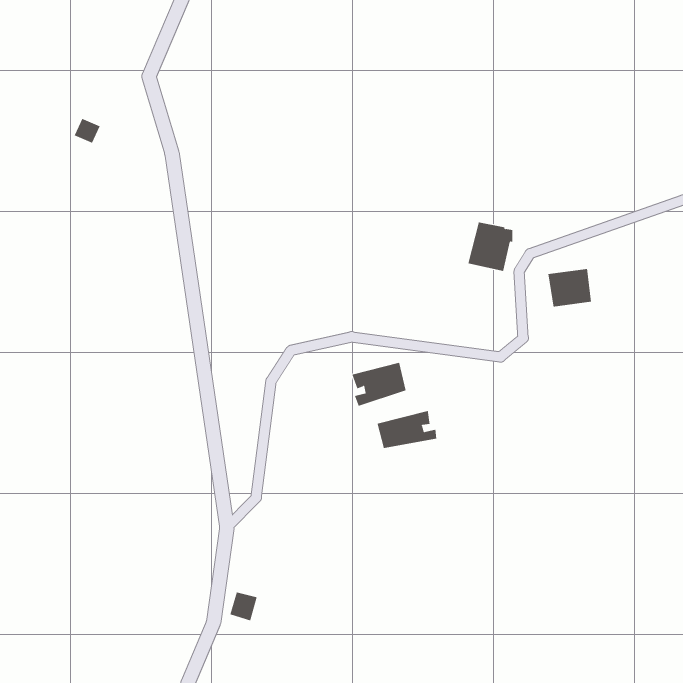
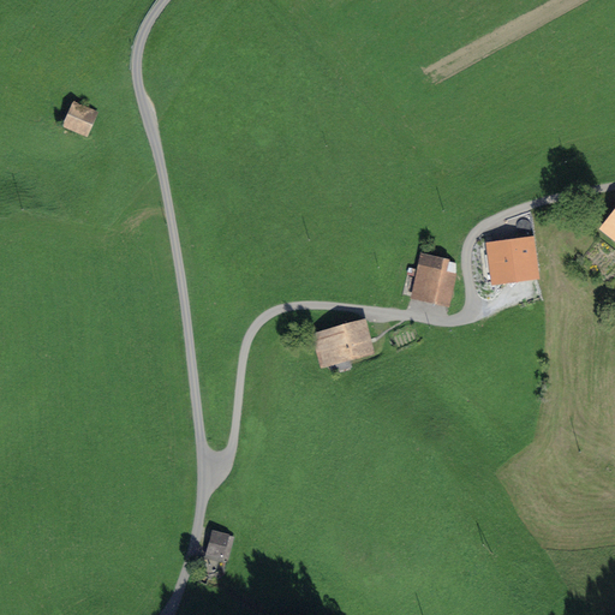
building: [468,222,513,272] -> [412,255,453,299]
building: [377,410,437,449] -> none

